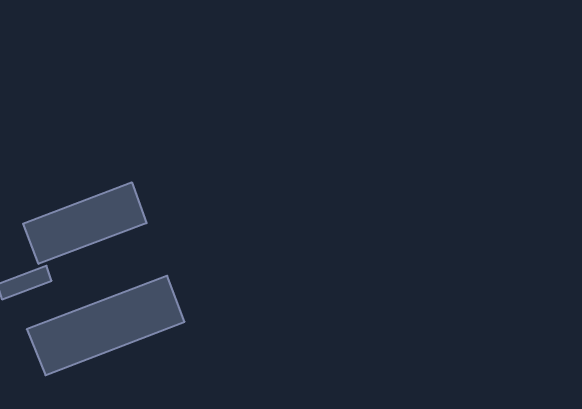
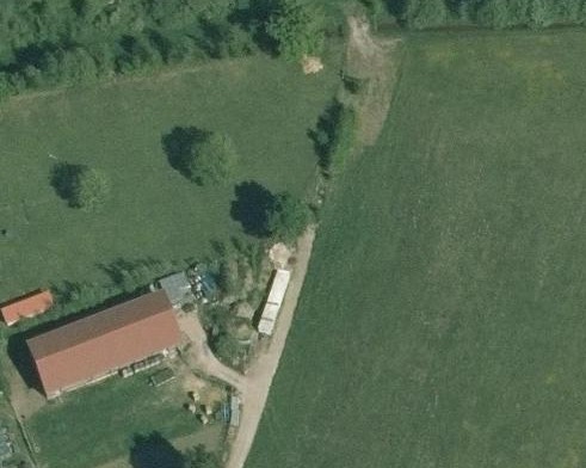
building: [23,182,147,264] -> none

